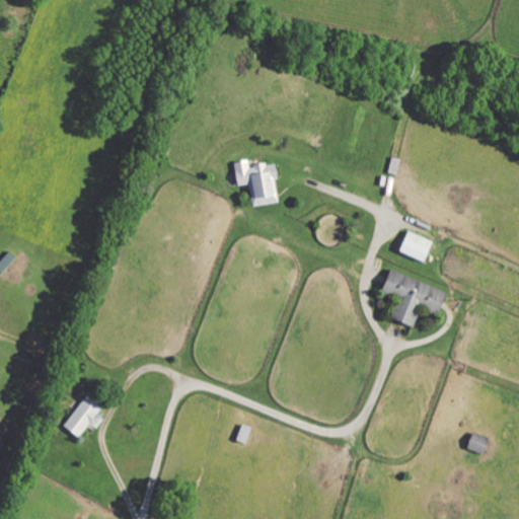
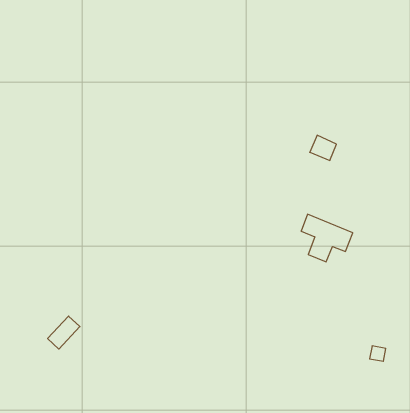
building: [234,160,278,207] -> none
building: [397,230,431,262] -> [310,135,336,160]

